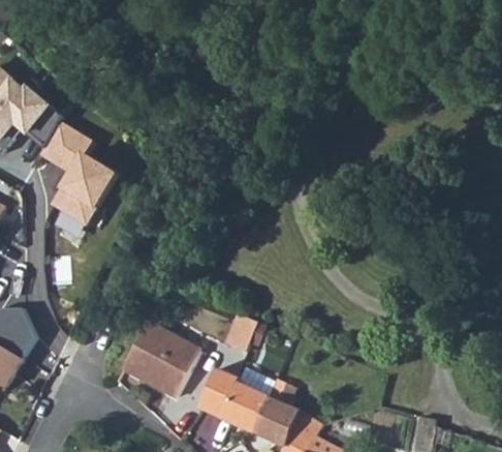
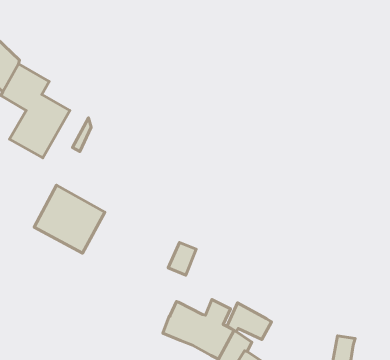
building: [121,324,199,399] -> [34,185,105,253]
building: [199,368,239,416] -> none
building: none -> [227,303,271,340]

